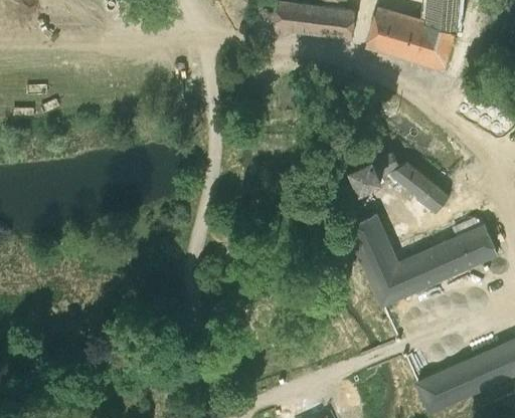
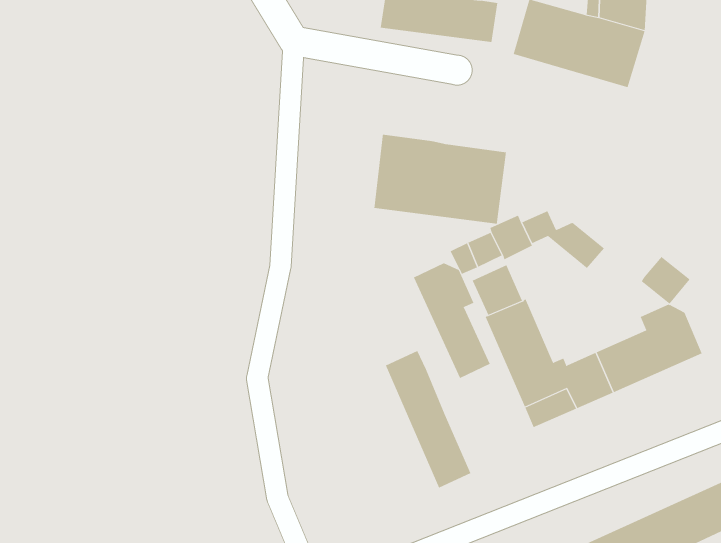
building: none -> [374,134,506,224]
building: [416,181,451,214] -> [641,256,690,304]
building: none -> [413,262,490,379]
building: none -> [385,350,471,488]

